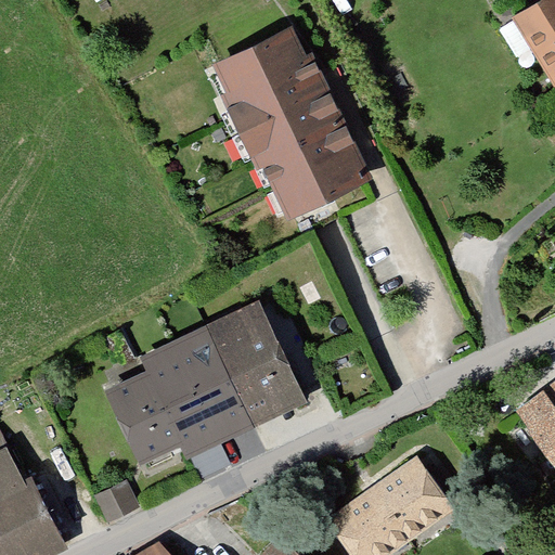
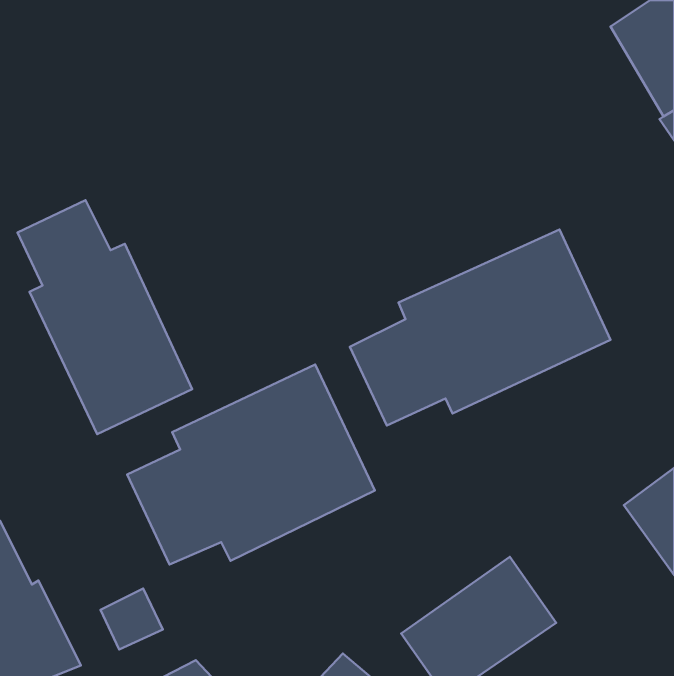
building: [210,26,377,225] -> none
building: none -> [17,200,192,434]
building: none -> [350,230,611,426]

